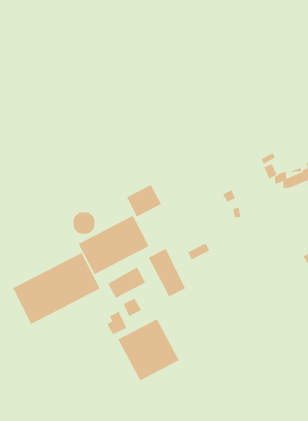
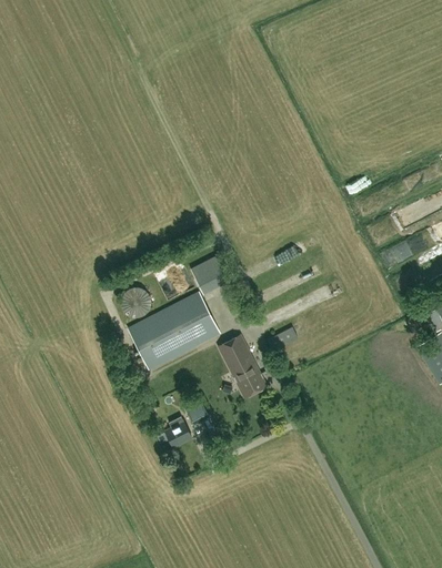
building: [12,252,100,325] -> none
building: [108,266,146,299] -> none
building: [118,318,180,381] -> none

